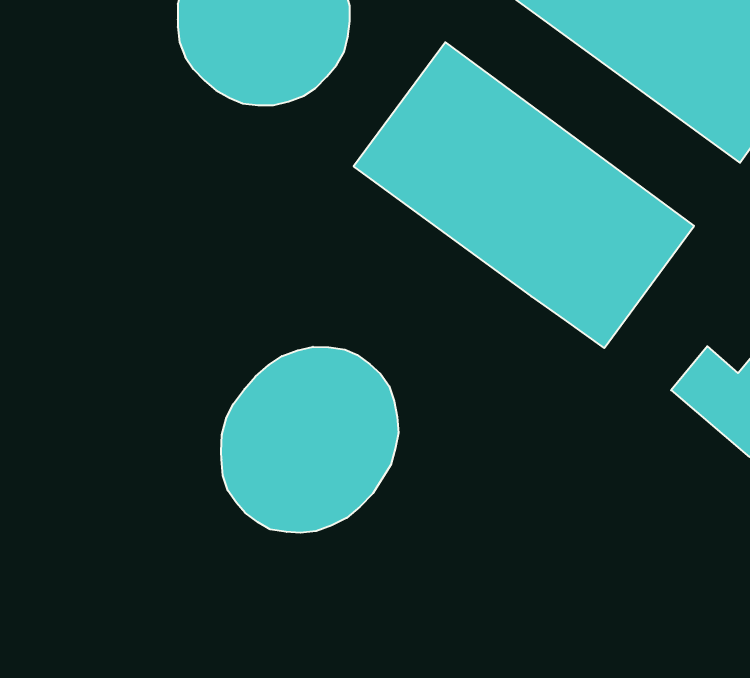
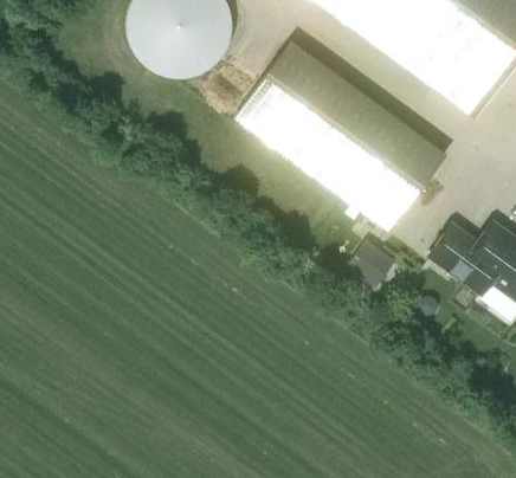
building: [221,347,398,533] -> none
building: none -> [346,240,393,286]

